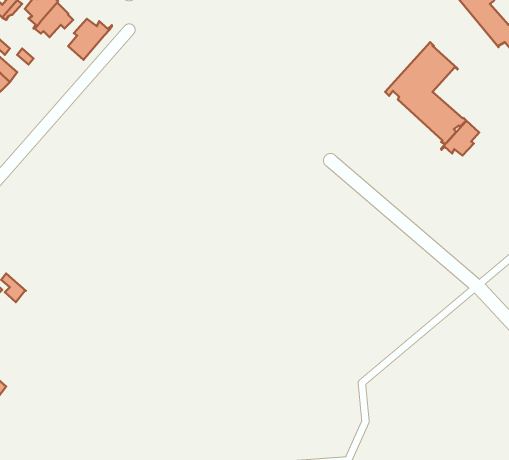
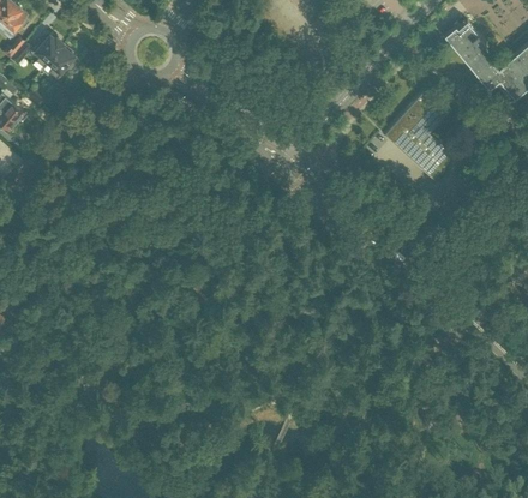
building: [68,19,112,60] -> none
building: [441,121,479,156] -> none

